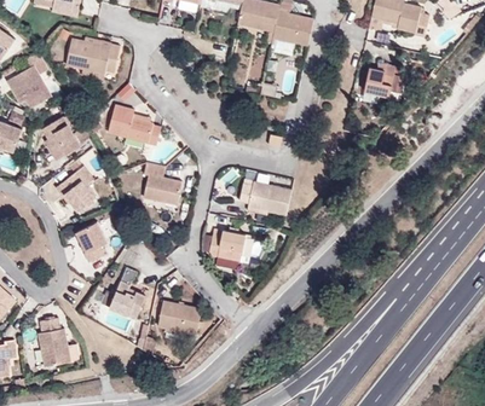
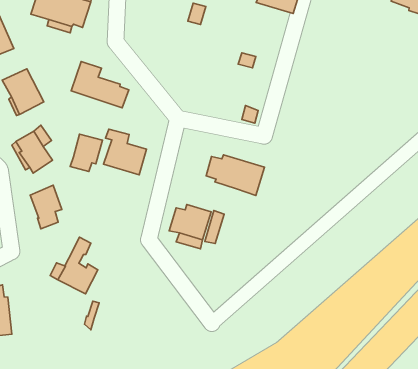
building: [364,65,395,97] -> none
building: none -> [70,134,103,171]
building: [157,300,201,335] -> none

